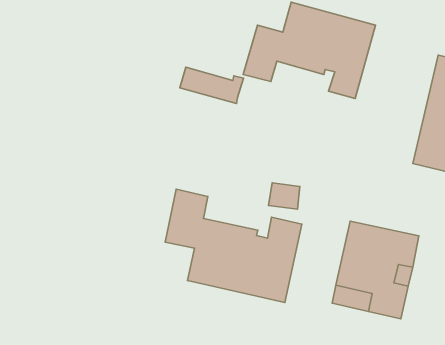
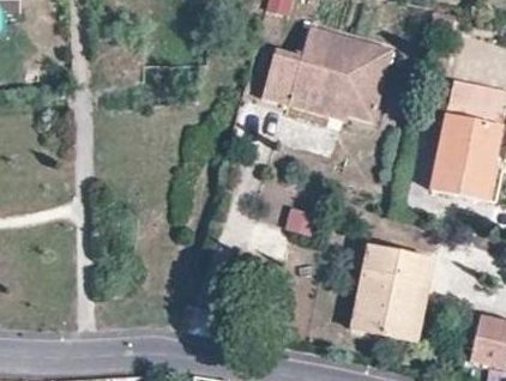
building: [180,67,244,103] -> [288,86,351,122]
building: [165,189,302,302] -> none

